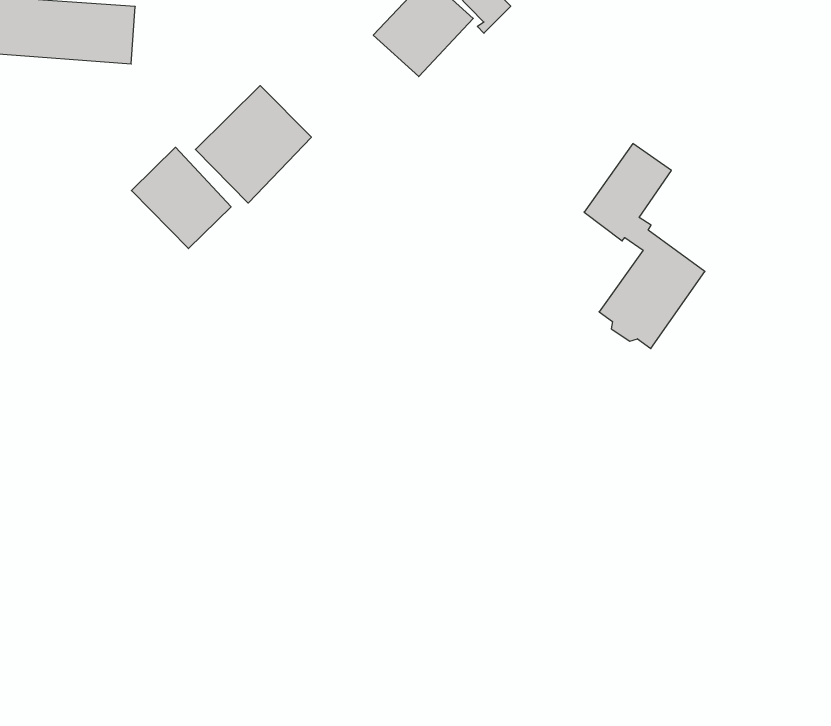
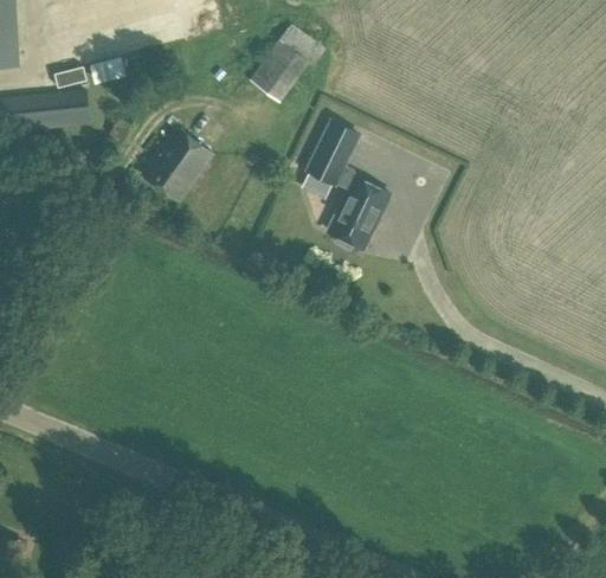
building: [584,144,705,349] -> [307,121,389,249]
building: [131,147,231,249] -> none

